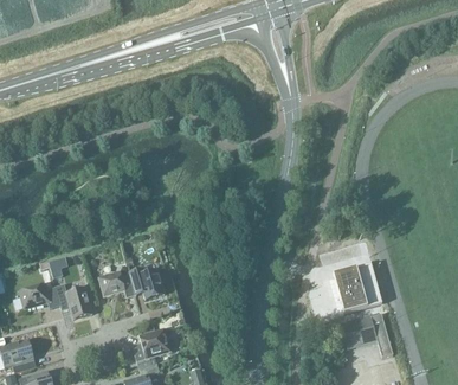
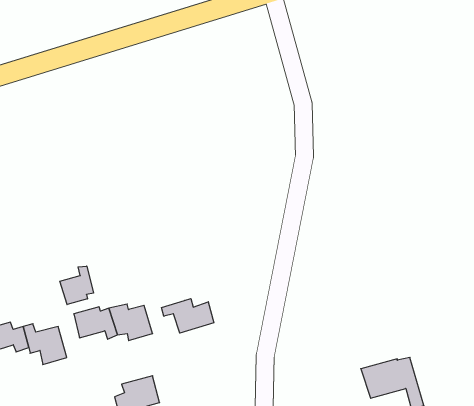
building: none -> [60,266,93,305]
building: none -> [161,299,214,333]
building: [331,270,382,314] -> none

